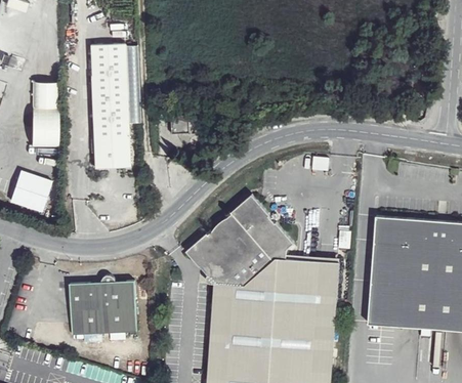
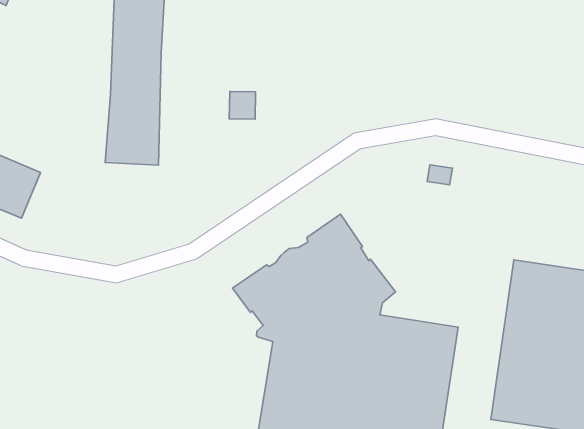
building: [32,82,58,148] -> none
building: [70,273,137,333] -> none

